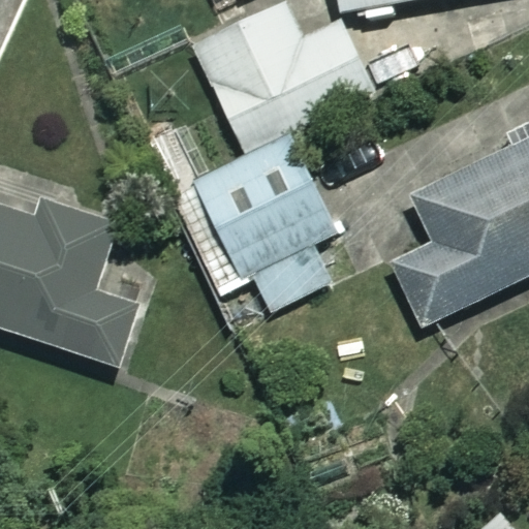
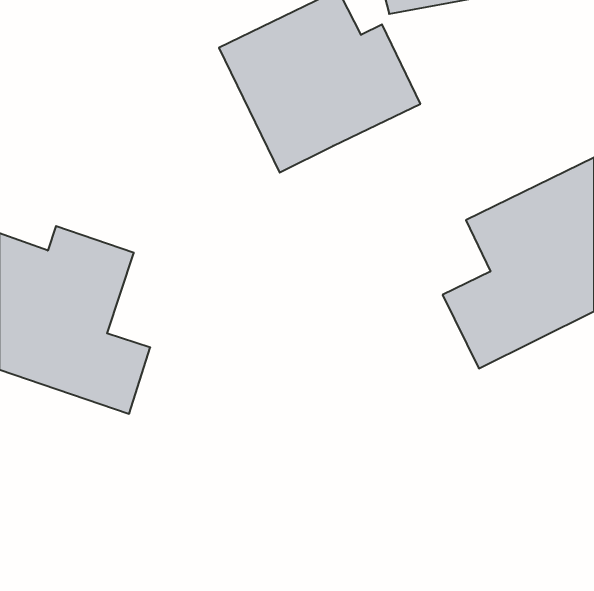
building: [172,129,342,309] -> none

